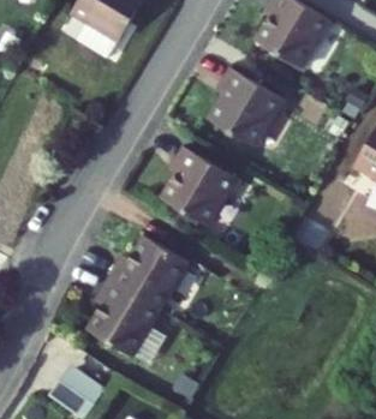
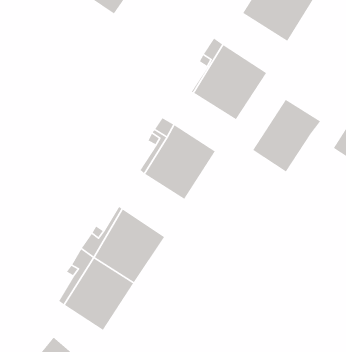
building: none -> [252,99,321,172]

